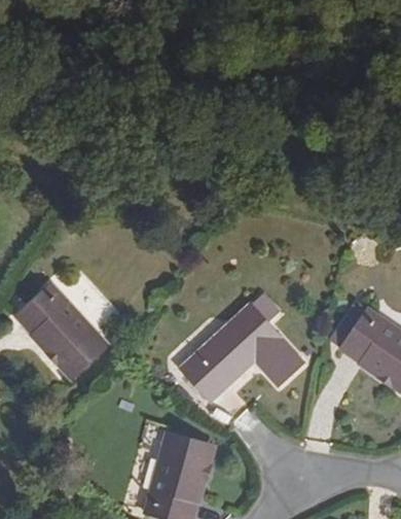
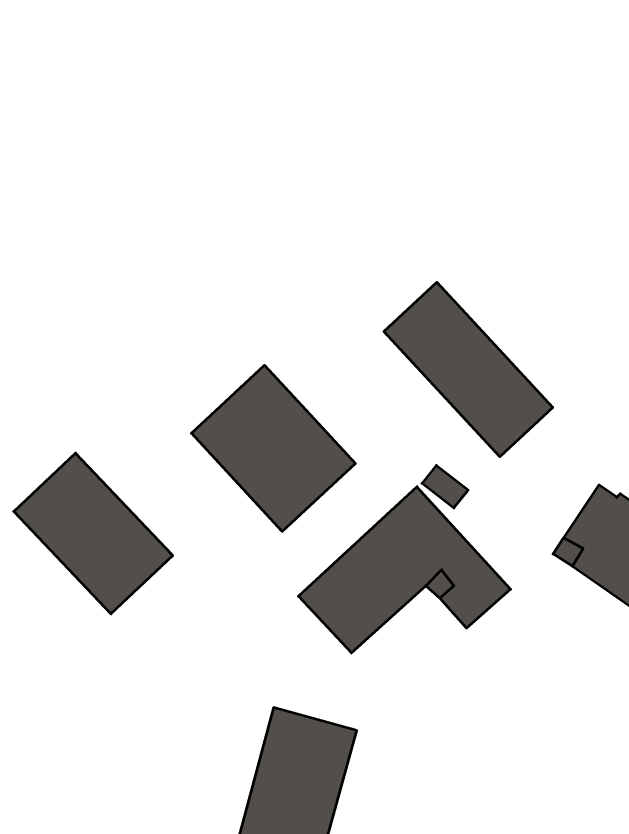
building: none -> [384,282,553,457]
building: none -> [191,365,355,531]

